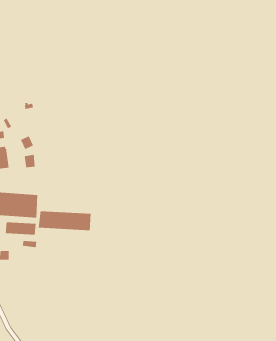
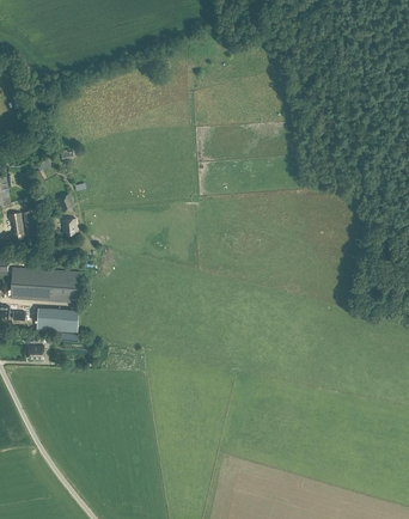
building: [38,210,91,231] -> none

